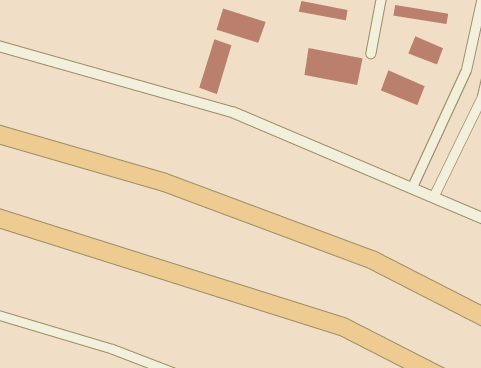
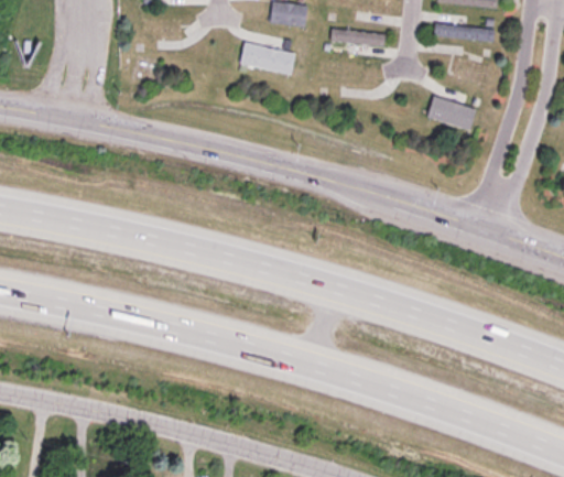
building: [198,38,232,95] -> none
building: [303,47,363,86] -> none

